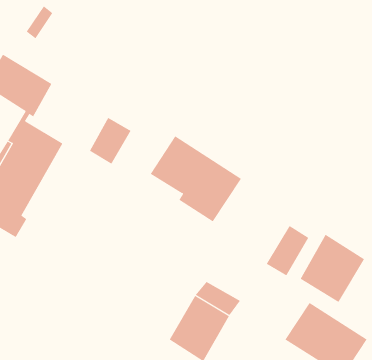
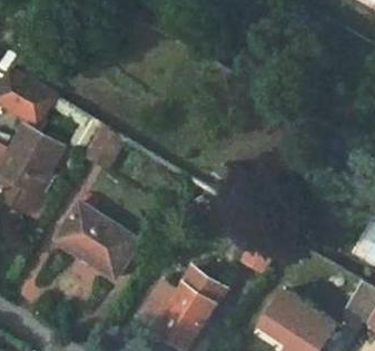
building: [150,135,242,222] -> [57,202,139,280]
building: [300,234,365,303] -> none

